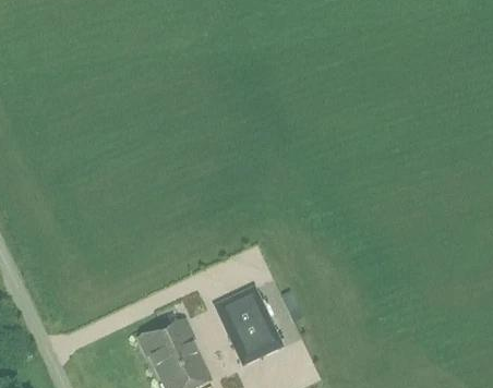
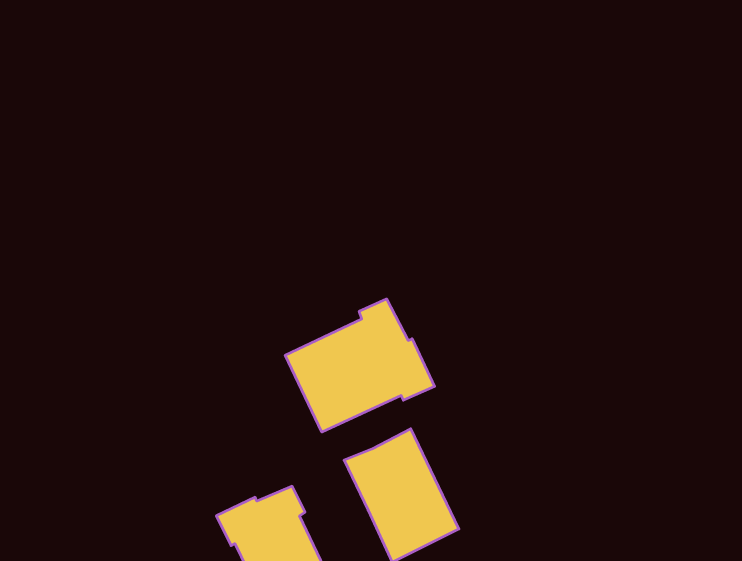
building: none -> [285,299,435,432]

